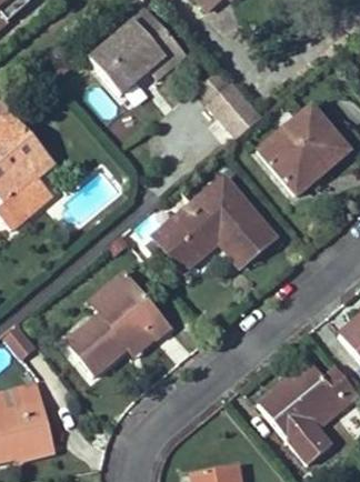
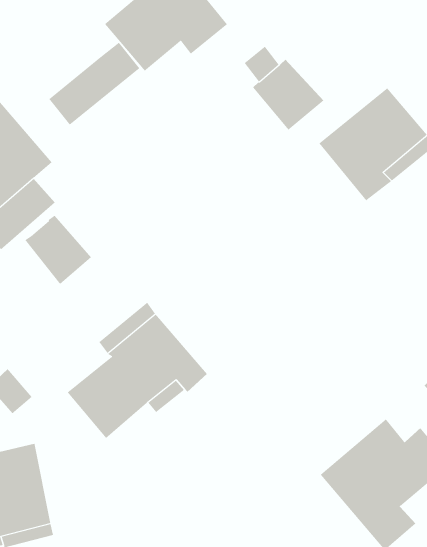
building: none -> [49,42,140,126]
building: [151,179,272,271] -> none
building: none -> [25,215,92,285]

